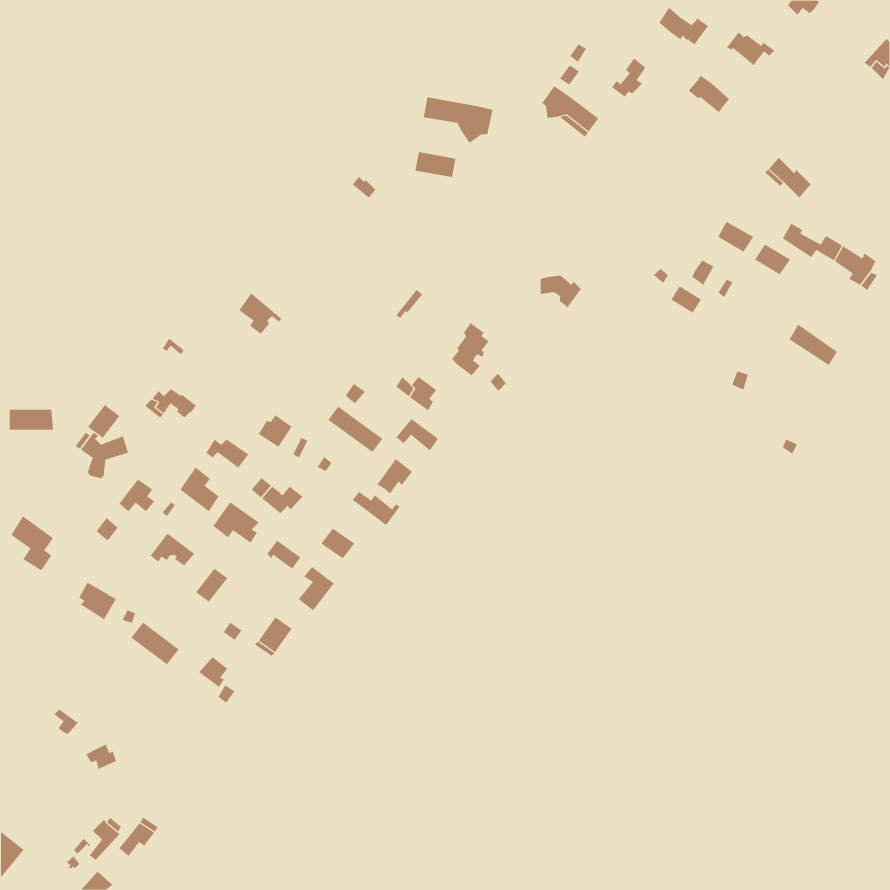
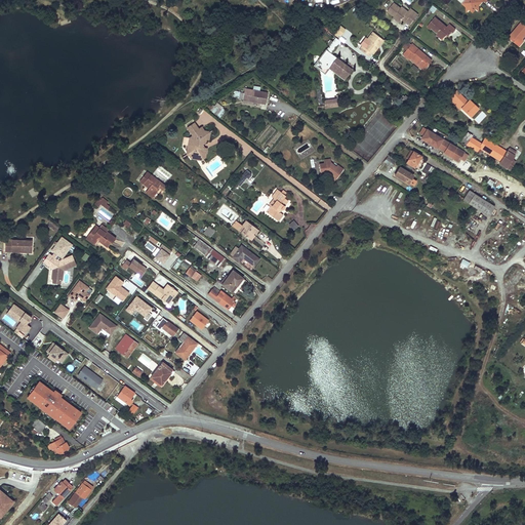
building: [423,96,493,144] -> none
building: none -> [189,124,212,159]
building: none -> [26,380,82,430]

